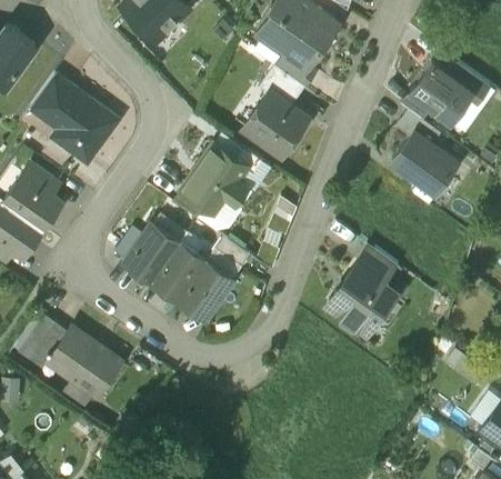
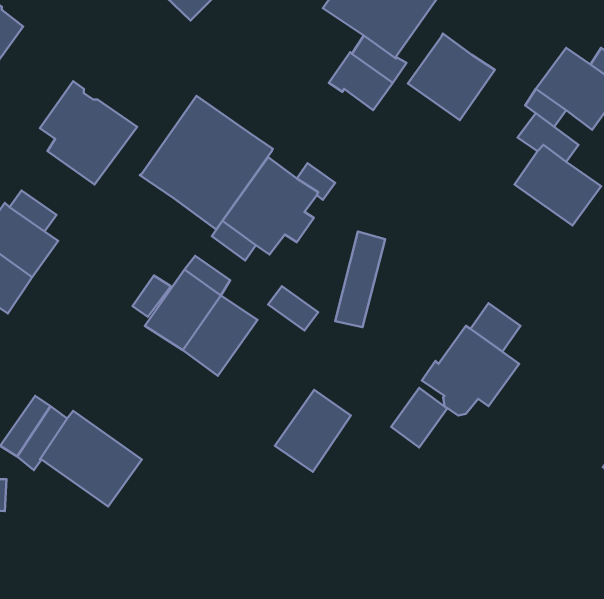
building: [30,76,72,122] -> none
building: [244,93,308,157] -> [408,33,495,120]
building: none -> [140,96,273,230]
building: [178,262,233,322] -> [275,390,351,472]
building: none -> [391,388,447,447]

